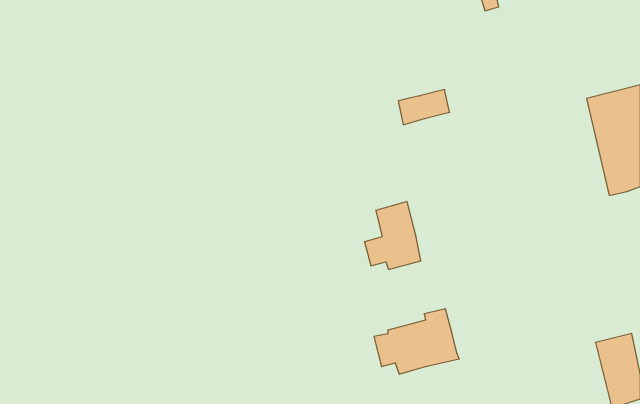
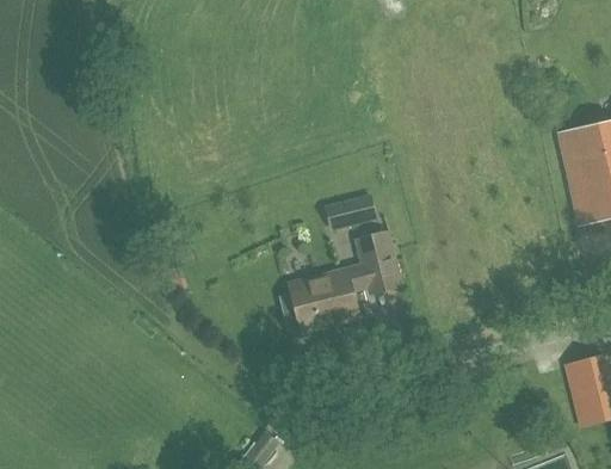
building: [398,90,450,125] -> [327,195,376,228]
building: [374,309,459,374] -> [279,269,360,331]

